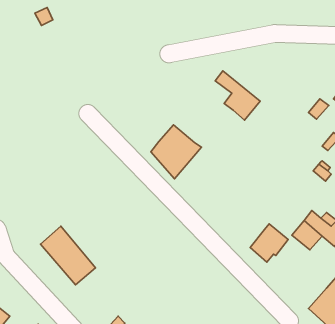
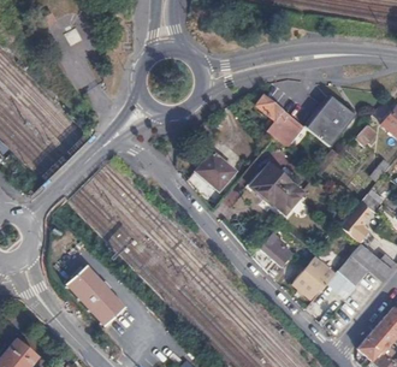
building: none -> [307,96,355,146]
building: none -> [250,165,302,212]
building: none -> [342,205,371,243]
building: none -> [260,232,291,279]

